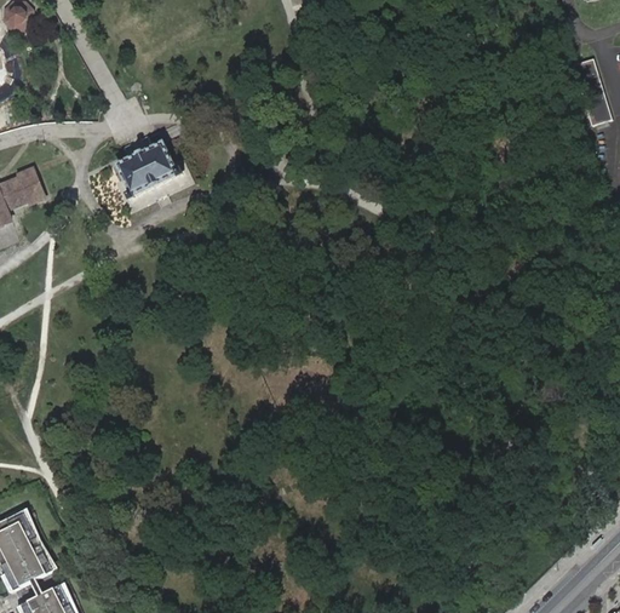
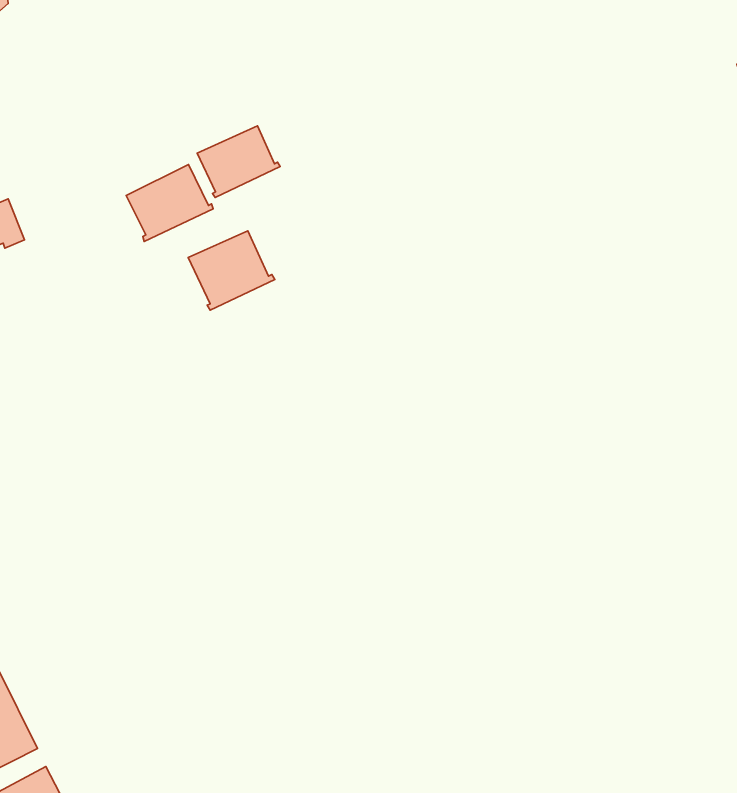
building: none -> [197,126,280,198]
building: none -> [188,231,275,310]

